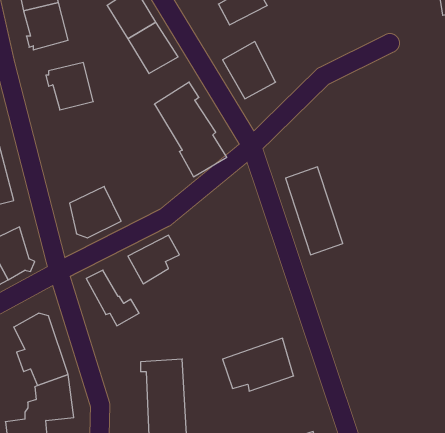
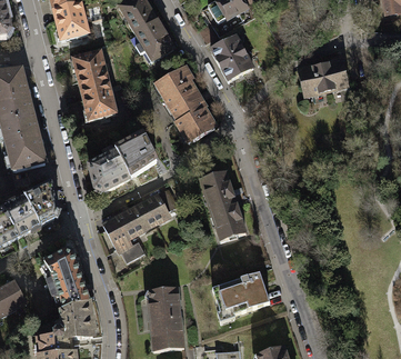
building: none -> [298,60,348,97]
building: none -> [81,82,116,120]
building: none -> [114,133,158,178]
building: [286,167,343,255] -> [200,171,245,241]
building: none -> [116,206,148,238]

